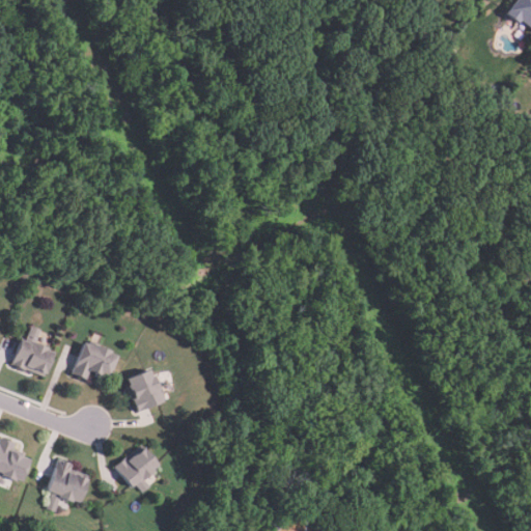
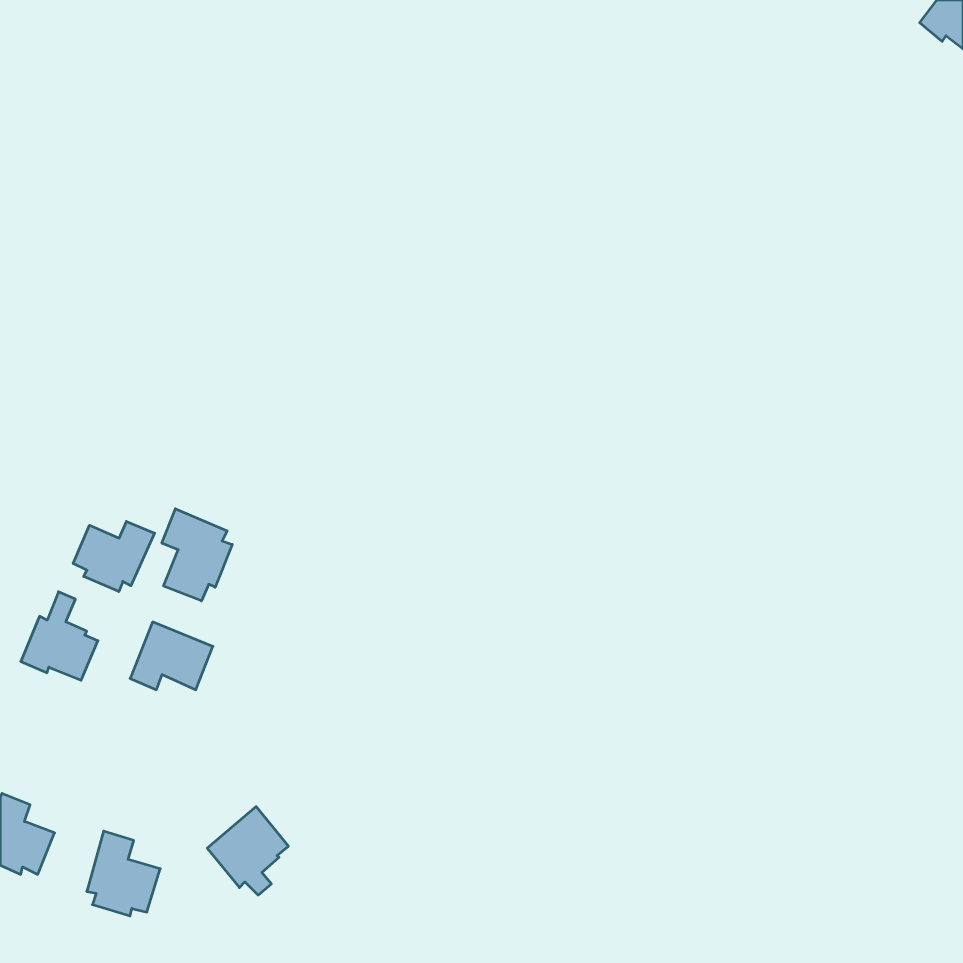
building: none -> [162,509,232,601]
building: none -> [73,521,155,592]
building: [125,369,163,413] -> none

